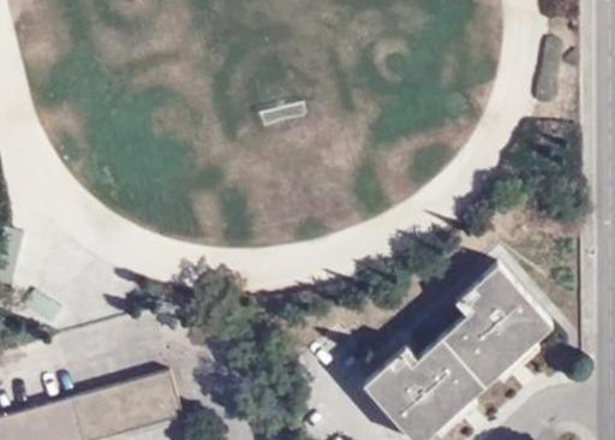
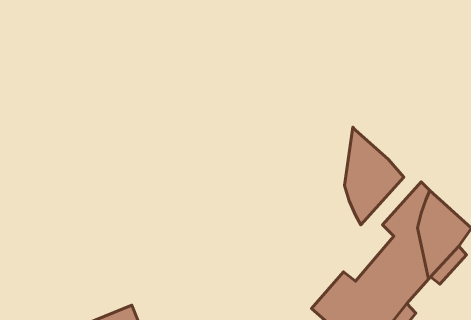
building: none -> [344,127,404,225]

